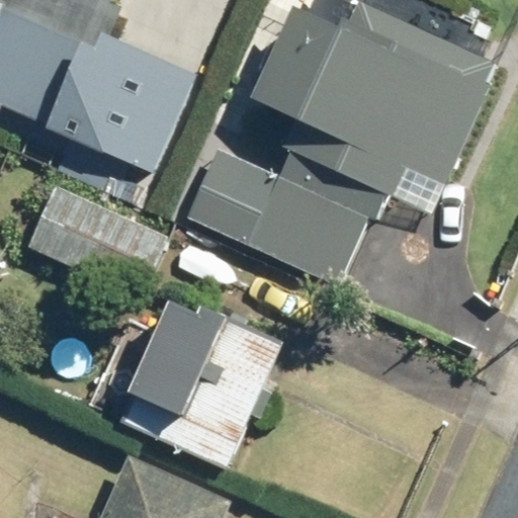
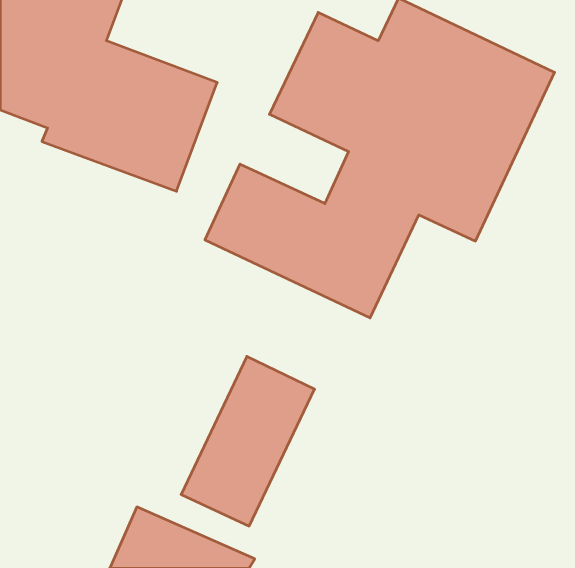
building: [26,185,168,295] -> none
building: [111,292,224,442] -> none

